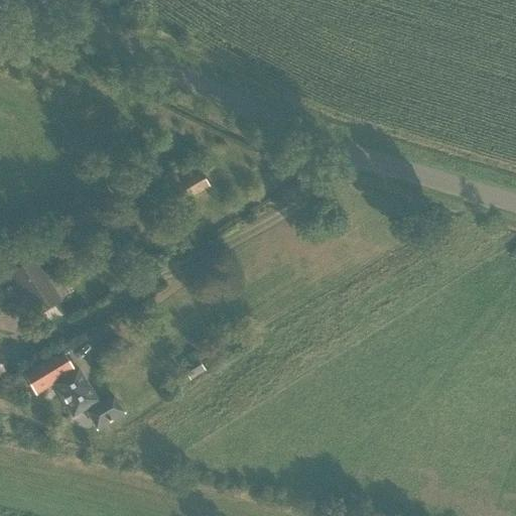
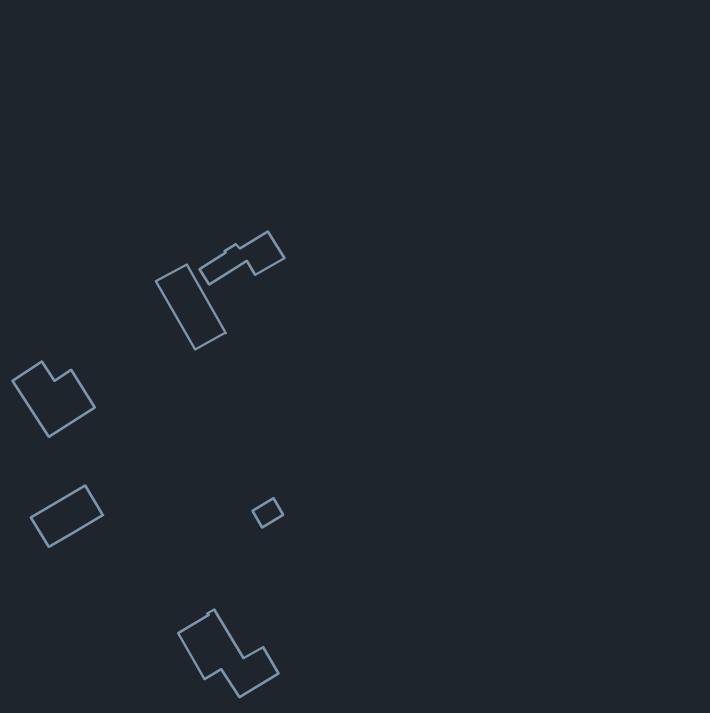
building: none -> [156,265,226,350]
building: [54,368,127,431] -> [178,609,278,697]

